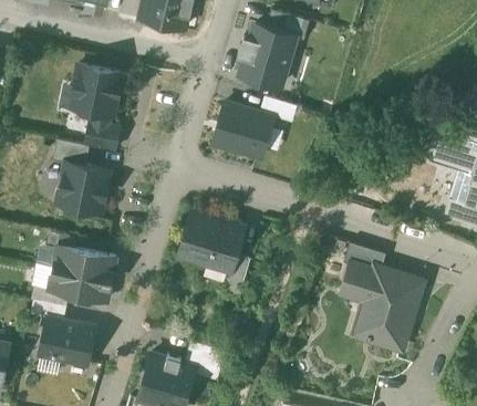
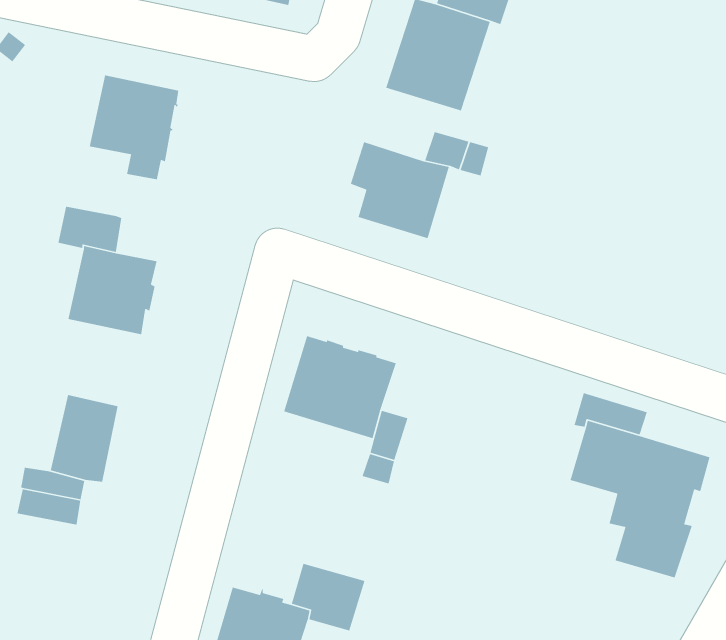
building: [85,123,118,153] -> none
building: [77,253,115,303] -> none
building: [39,320,95,364] -> none

